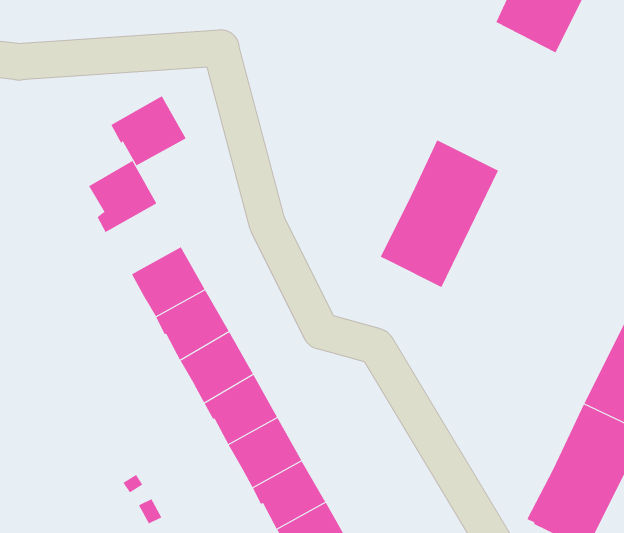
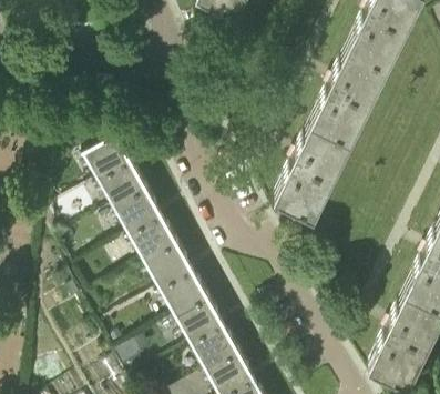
building: none -> [311,48,388,143]
building: [110,95,186,166] -> [99,164,147,210]

